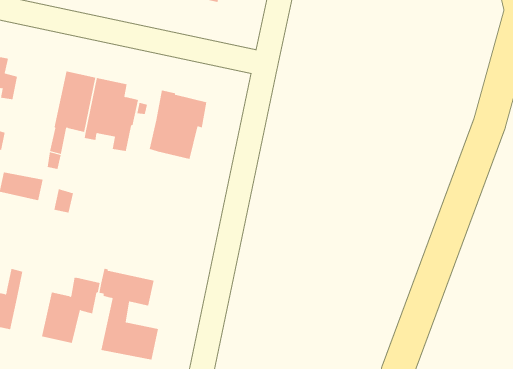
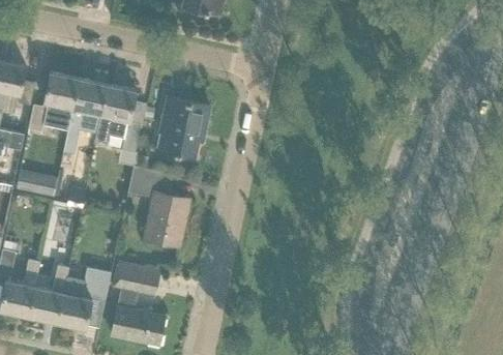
building: none -> [27,71,78,132]
building: none -> [126,166,189,246]
building: none -> [27,266,67,323]

